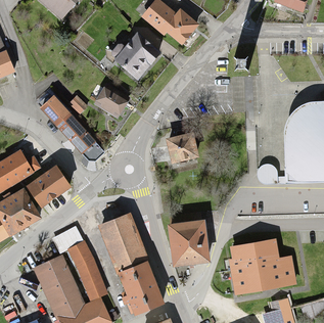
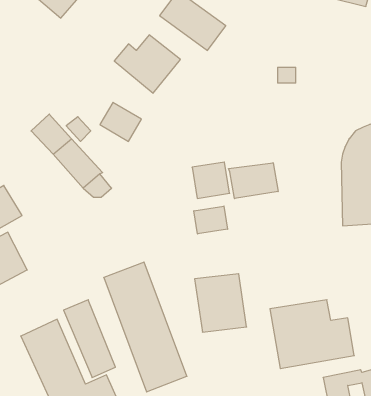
building: none -> [229,163,278,199]
building: none -> [194,206,228,234]
building: [26,168,68,204] -> none

